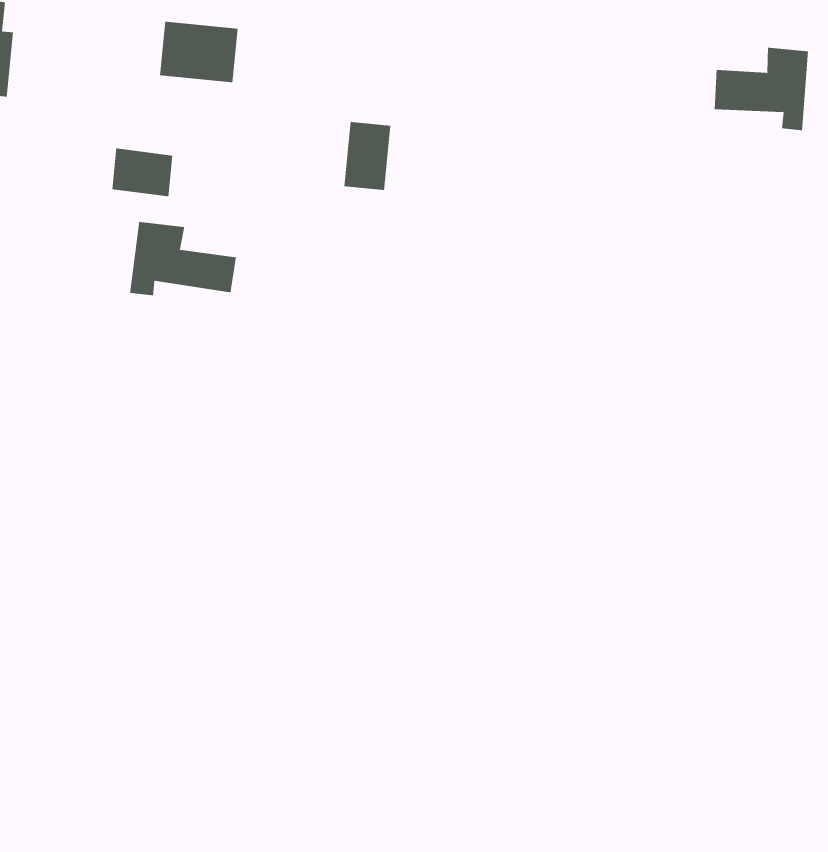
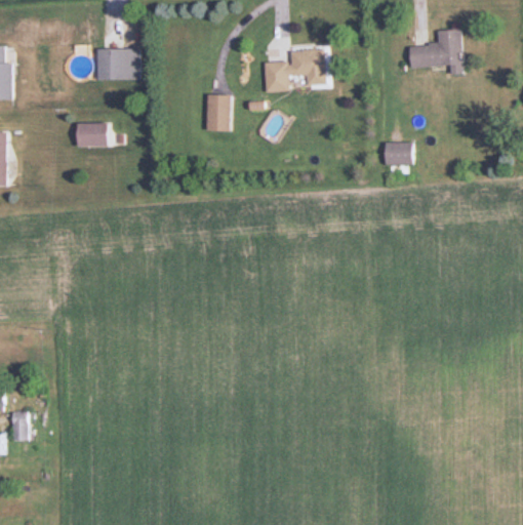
building: none -> [264,48,325,92]
building: [129,221,236,296] -> none
building: none -> [384,143,412,172]

